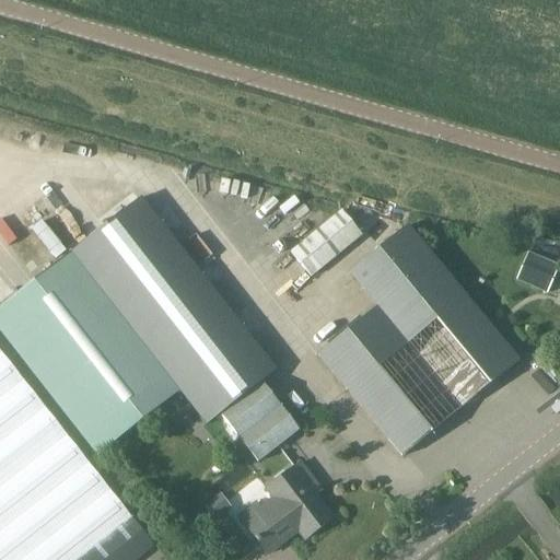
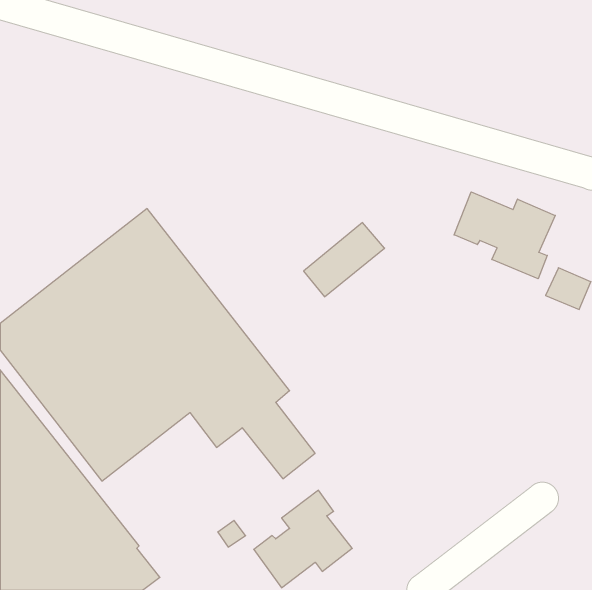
building: none -> [454,192,555,279]
building: [318,226,516,454] -> none

